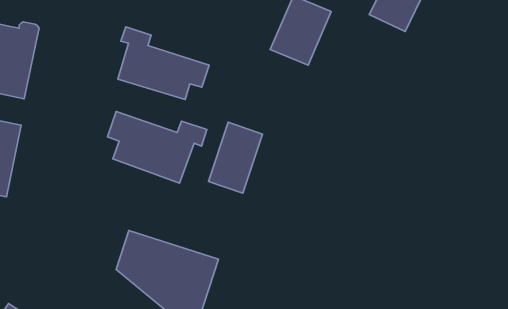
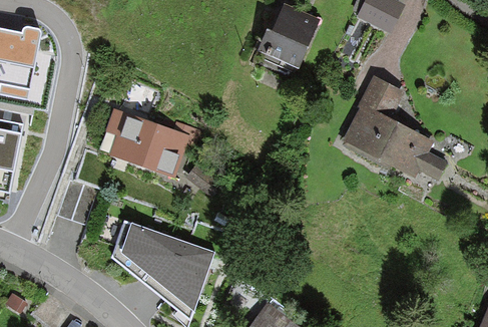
building: [118,27,209,100] -> none
building: none -> [342,75,447,177]
building: [209,122,262,193] -> none

